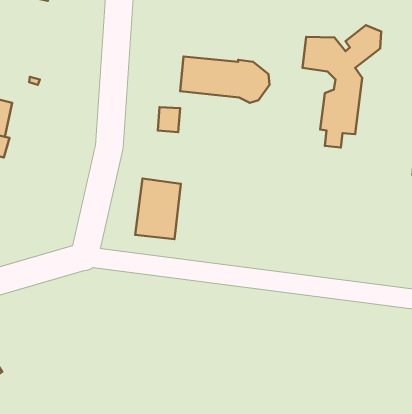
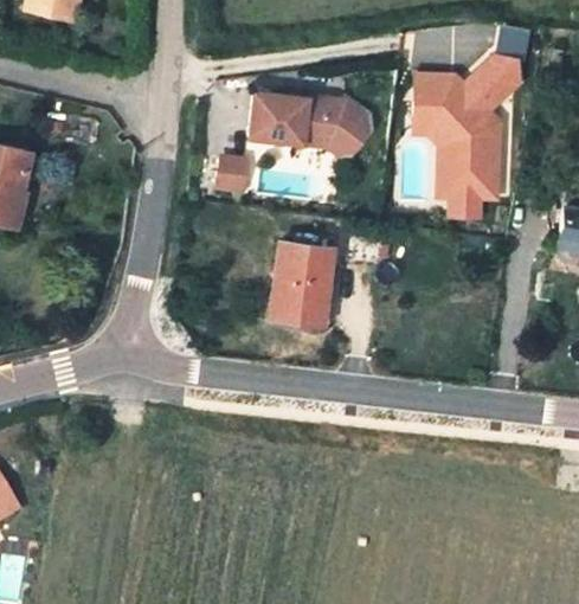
building: none -> [412,108,458,211]
building: [135,179,181,239] -> [274,244,334,325]

